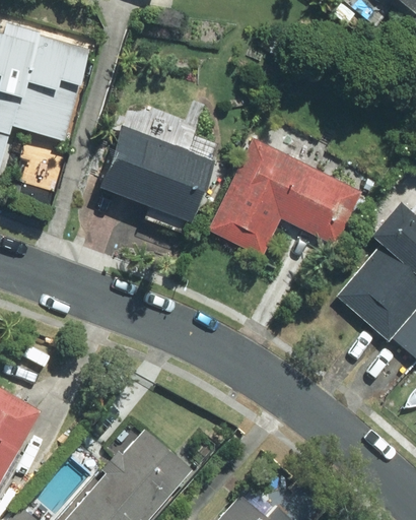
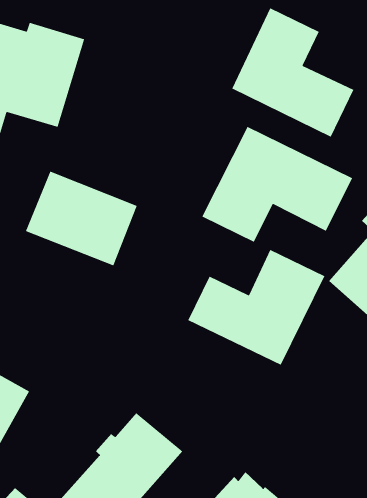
building: none -> [231,7,354,138]
building: [96,124,211,221] -> [25,171,138,267]
building: none -> [187,249,325,366]

